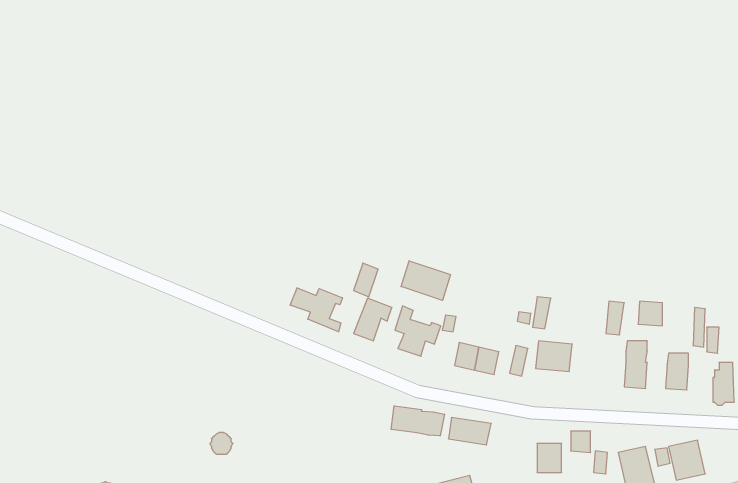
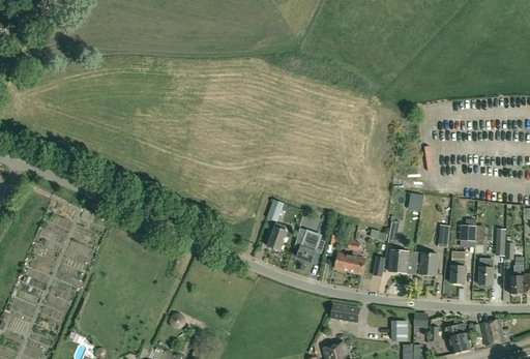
building: [401,261,451,300] -> none
building: [290,288,342,332] -> none
building: none -> [413,253,438,274]
building: [391,406,444,436] -> none

